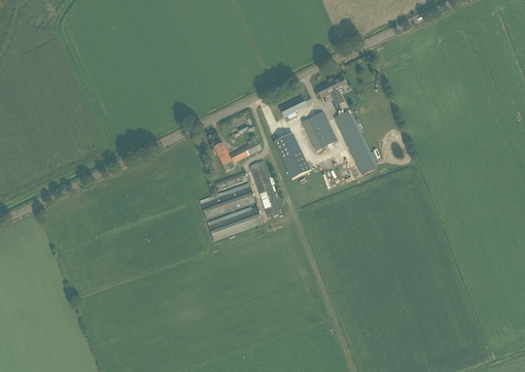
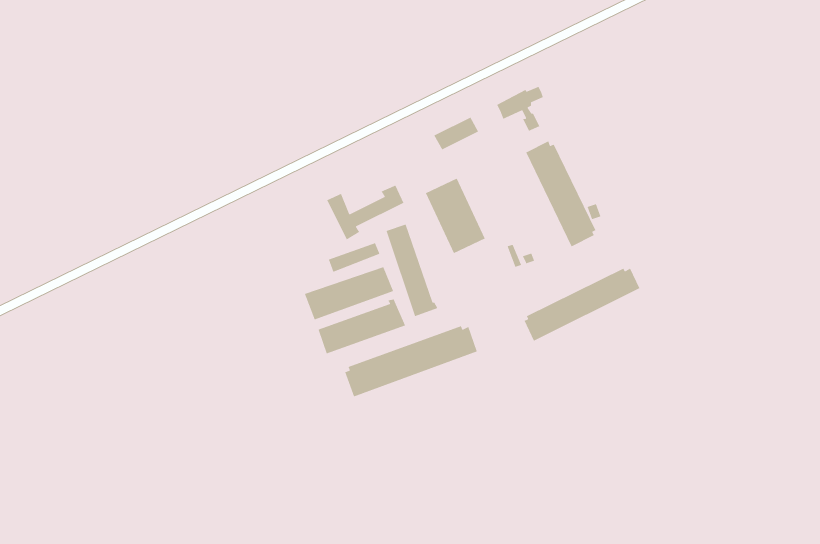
building: [307,110,337,146] -> none
building: none -> [523,267,641,342]
building: none -> [344,325,478,398]

